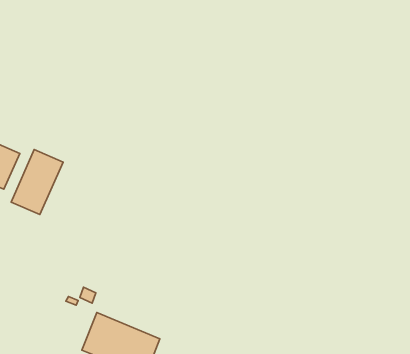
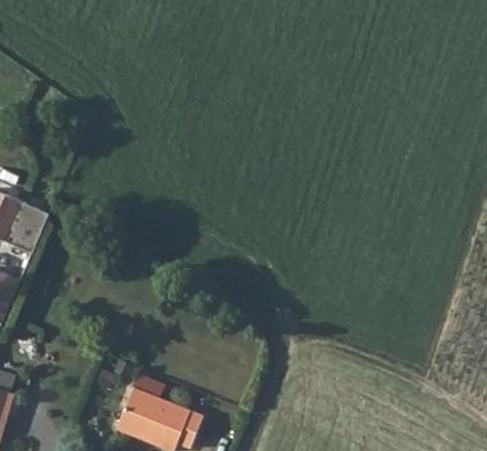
building: [11,149,63,214] -> none

